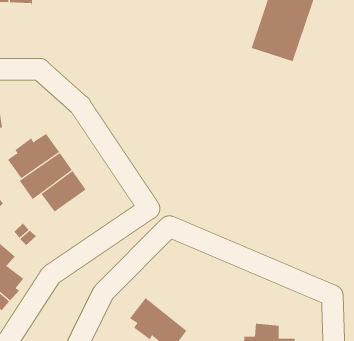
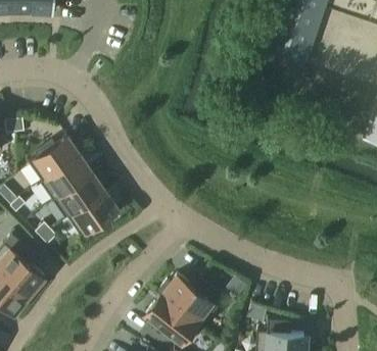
building: none -> [67,191,119,237]
building: none -> [158,274,220,327]

